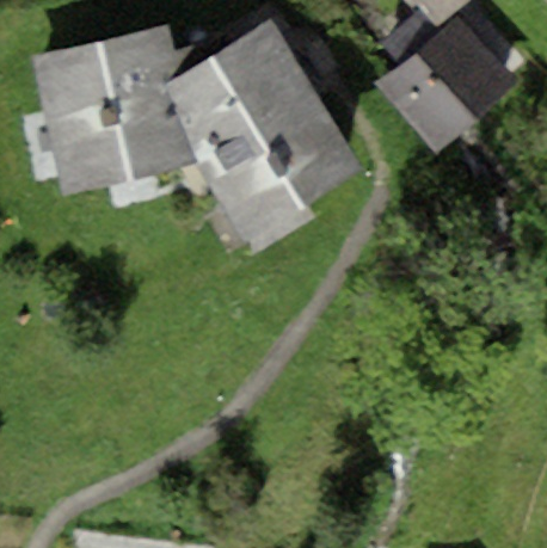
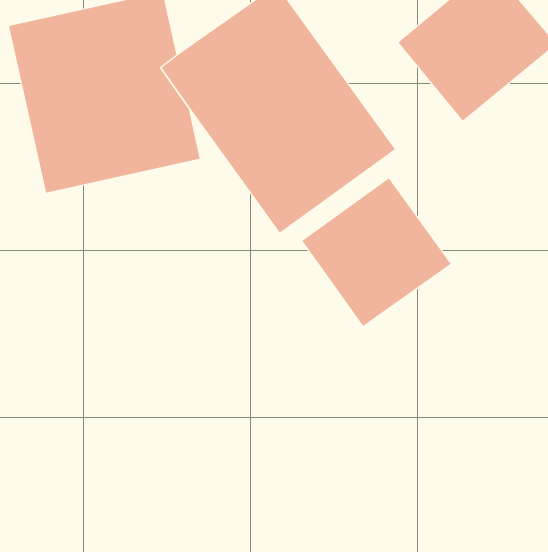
building: none -> [301,177,452,327]

